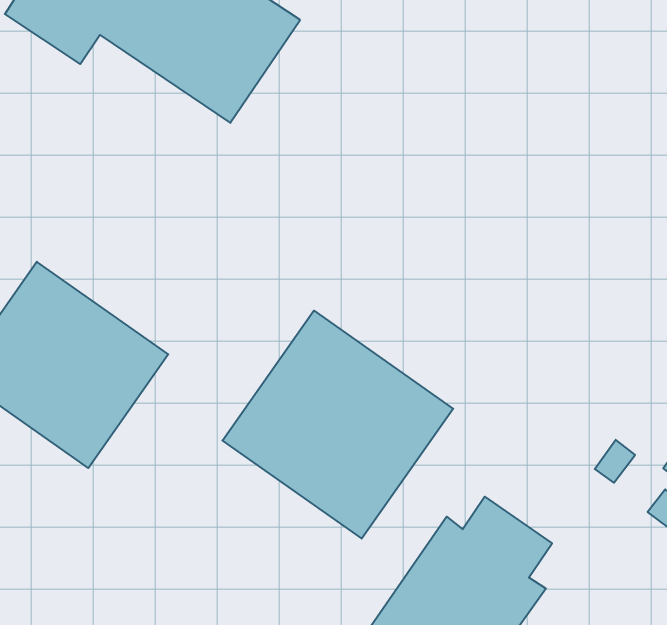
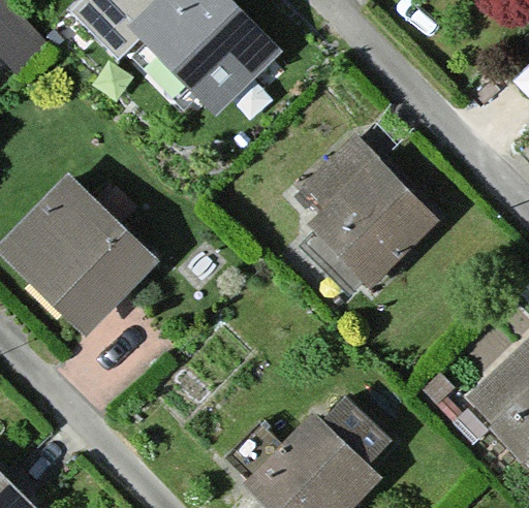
building: none -> [313,140,432,276]
building: [222,311,453,539] -> none

